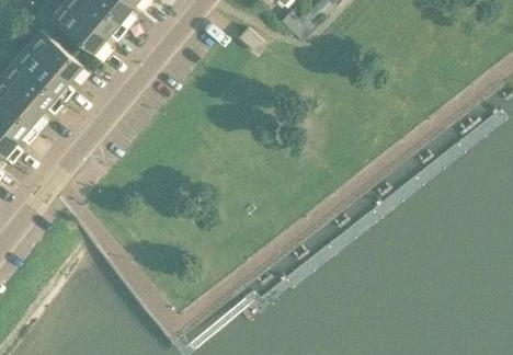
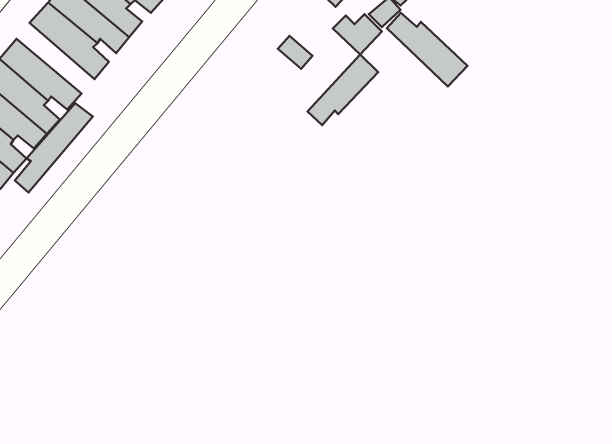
building: none -> [387,13,467,87]
building: none -> [308,55,378,125]
building: none -> [15,103,93,193]

